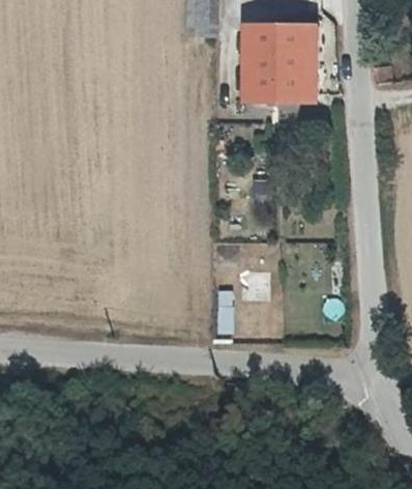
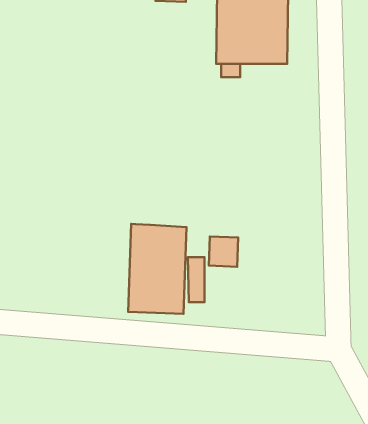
building: none -> [128,224,187,314]

